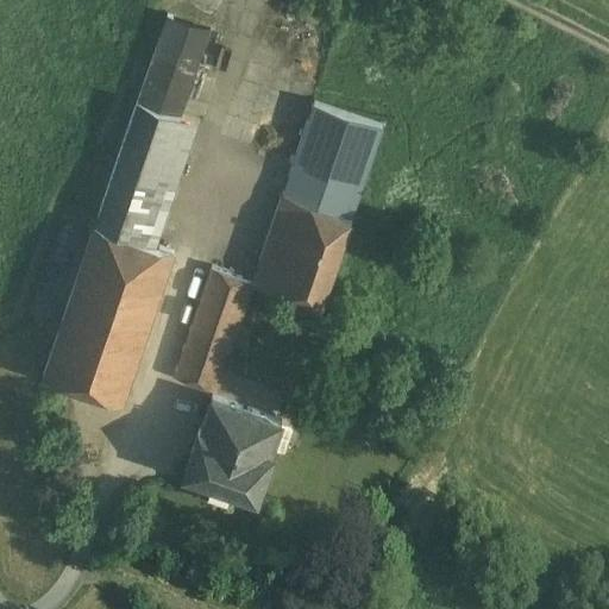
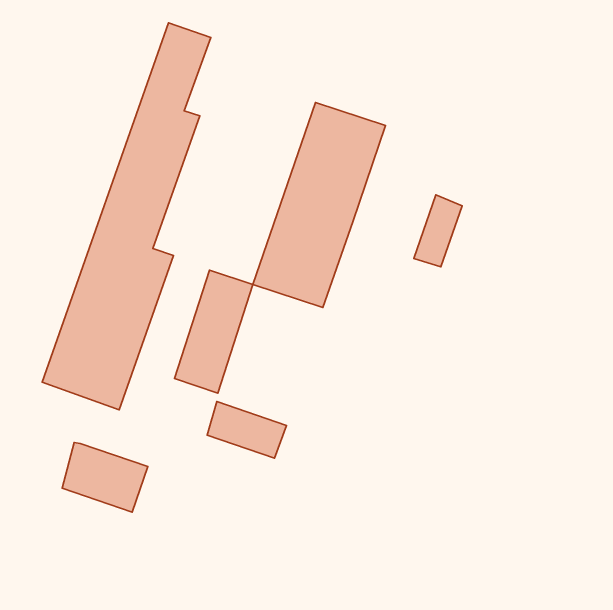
building: none -> [414,195,462,267]
building: [187,434,271,503] -> [62,442,148,512]

